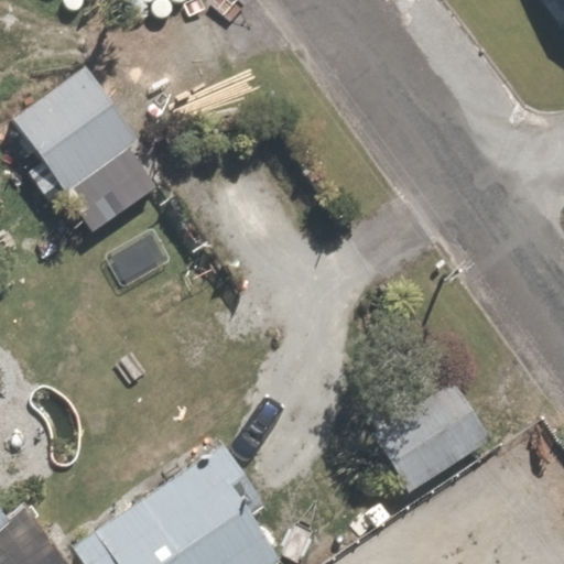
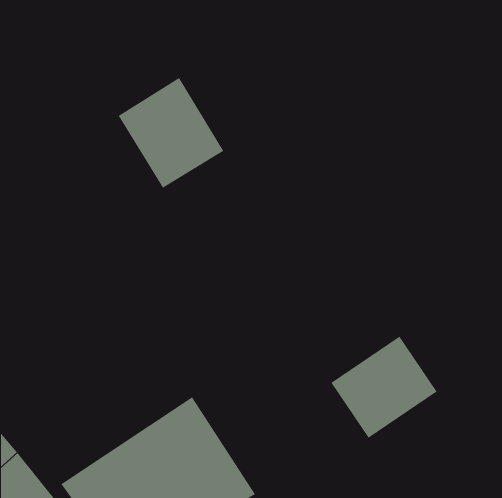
building: [18,70,135,194] -> [118,77,224,188]

